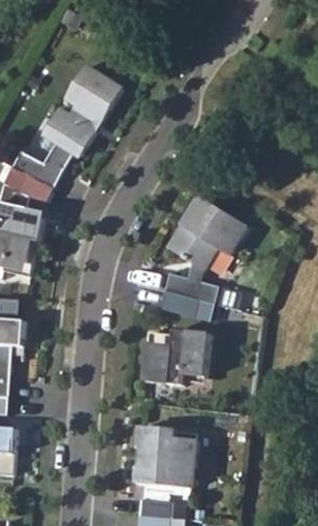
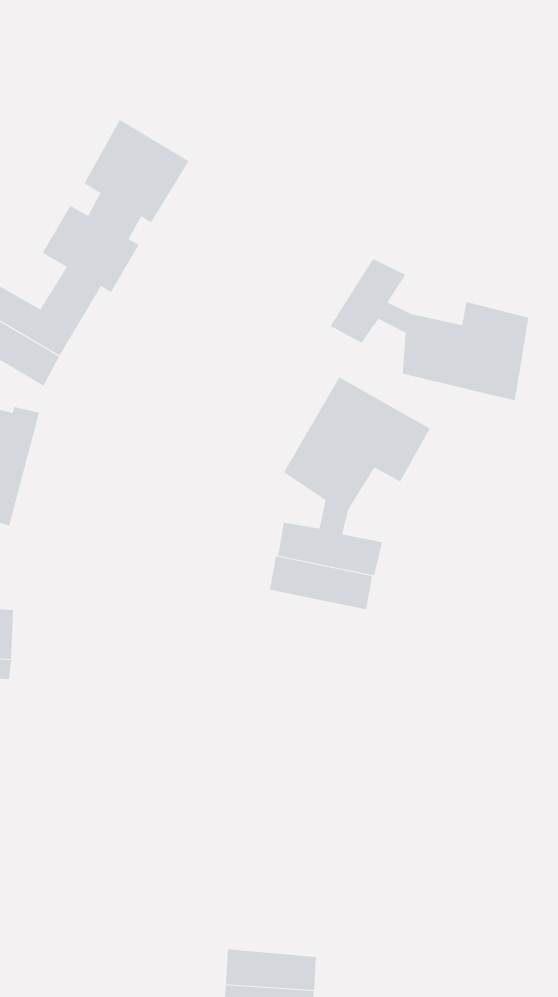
building: none -> [330,258,529,401]
building: [150,331,212,385] -> none
building: [134,426,194,487] -> none

